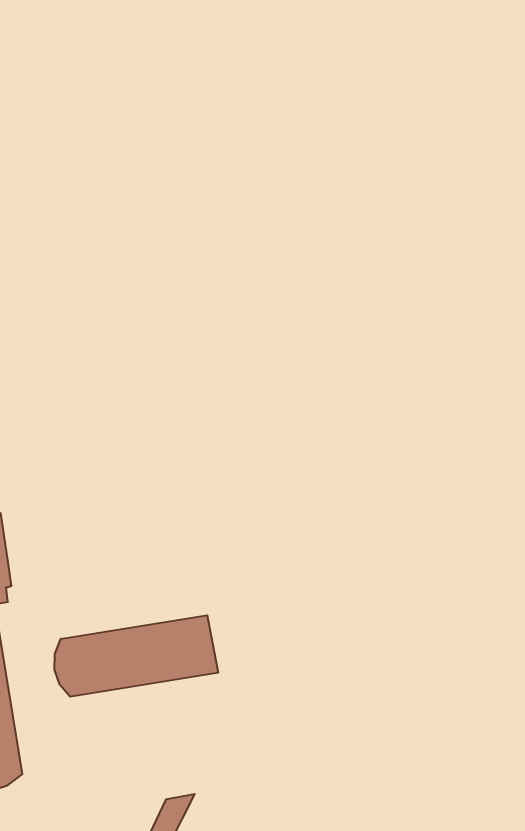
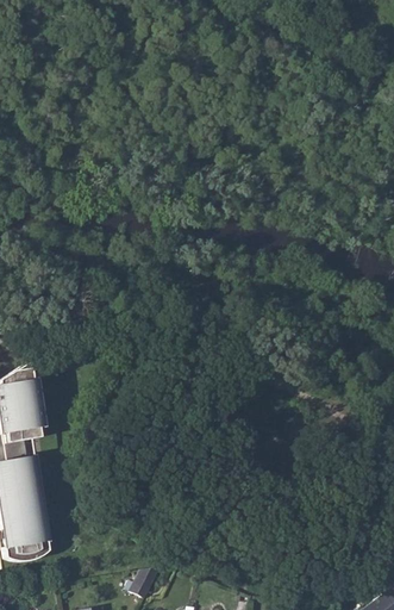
building: [54,615,218,697] -> none

